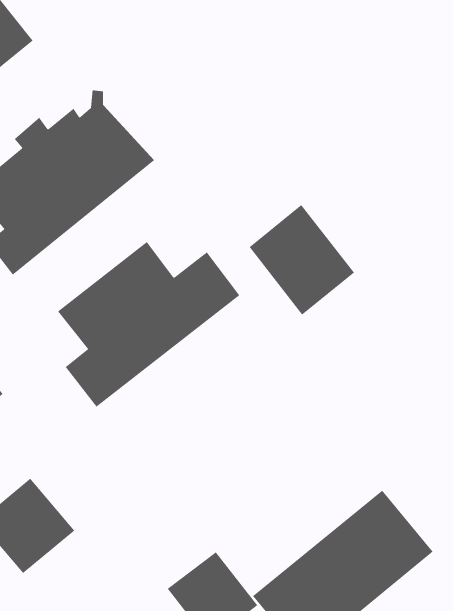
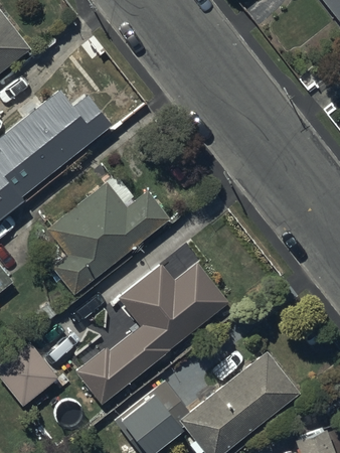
building: [249,204,355,316] -> none
building: none -> [74,262,229,403]

